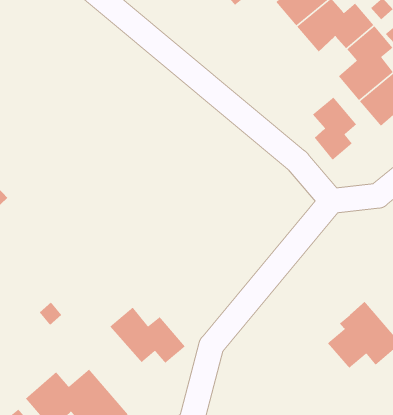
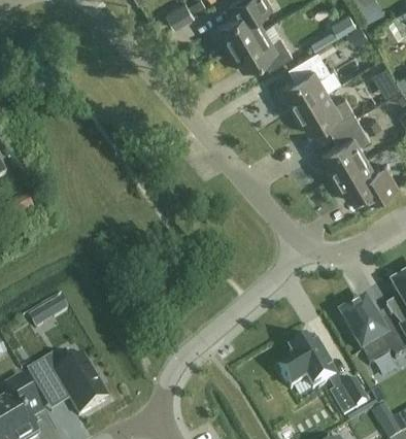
building: [312,97,357,161] -> none
building: [109,306,186,364] -> none

